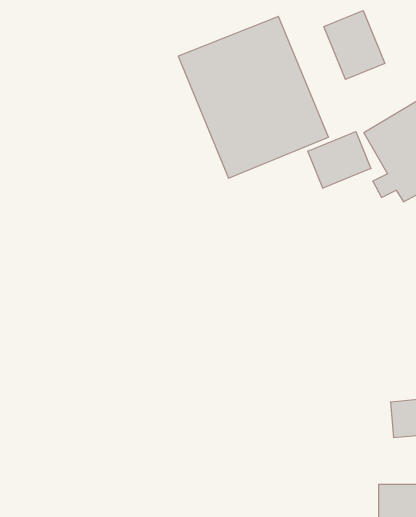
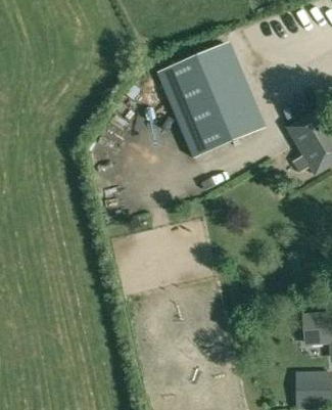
building: [324,11,385,79] -> none
building: [308,132,371,188] -> none

